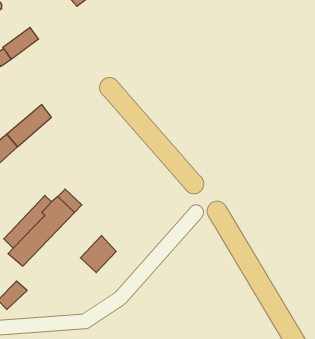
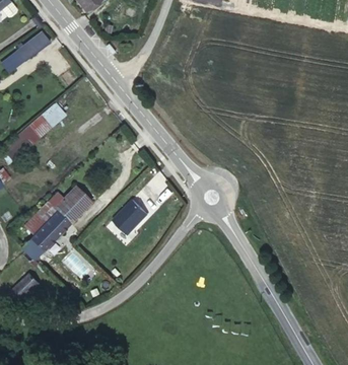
building: [80,236,116,273] -> [113,200,147,235]

